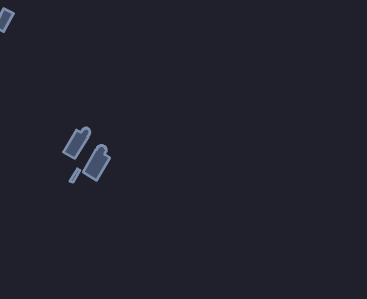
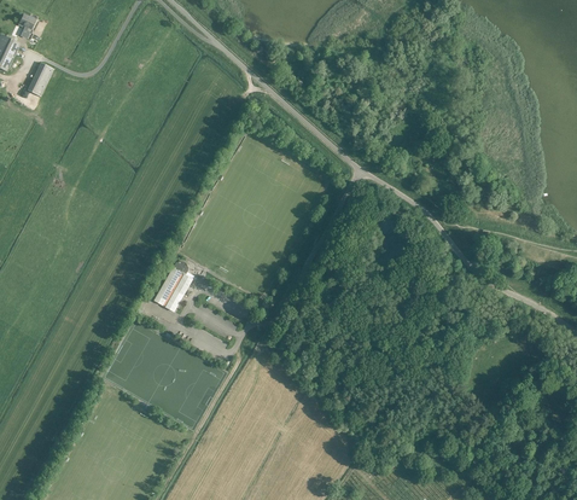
building: [63,128,90,158] -> none

